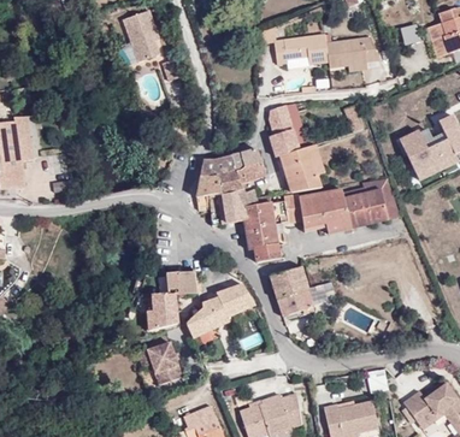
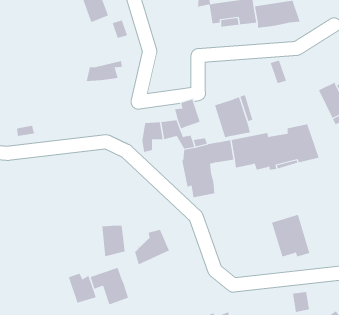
building: [267,105,299,157] -> none
building: [200,152,242,176] -> [86,60,123,81]
building: [210,191,244,225] -> none
building: [270,266,314,315] -> [271,214,310,257]
building: [166,271,196,294] -> none
building: [216,284,255,317] -> none
building: none -> [68,273,96,304]

